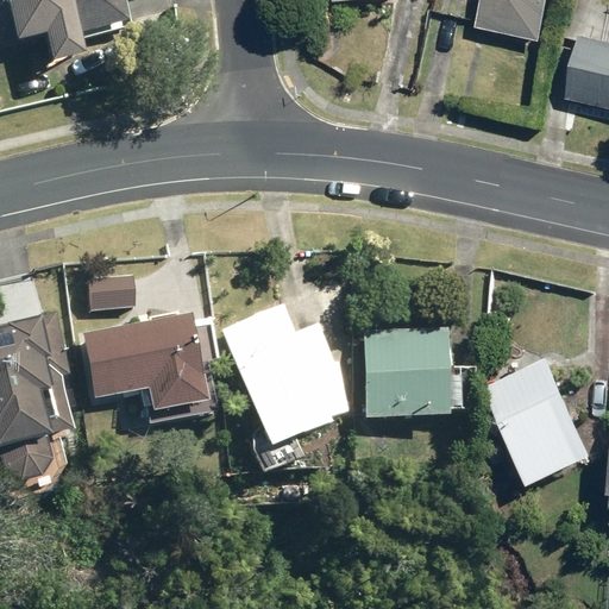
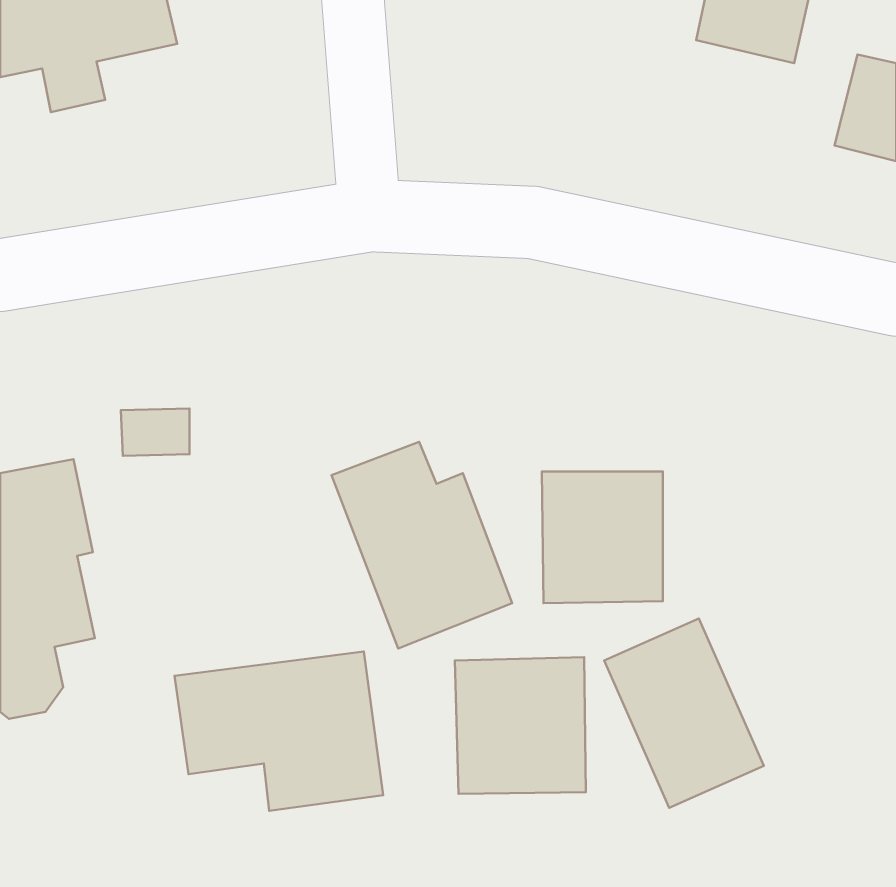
building: [75,316,216,425] -> [175,651,383,811]
building: [481,358,589,486] -> [604,619,764,808]
building: none -> [455,657,586,794]

